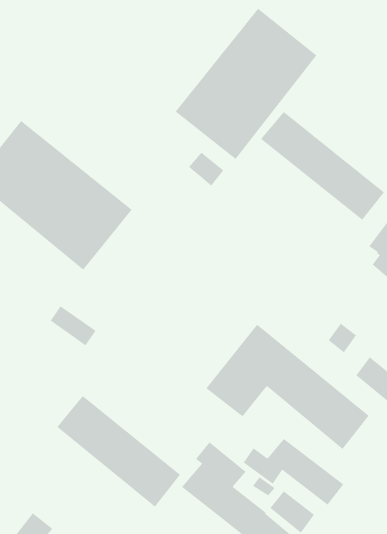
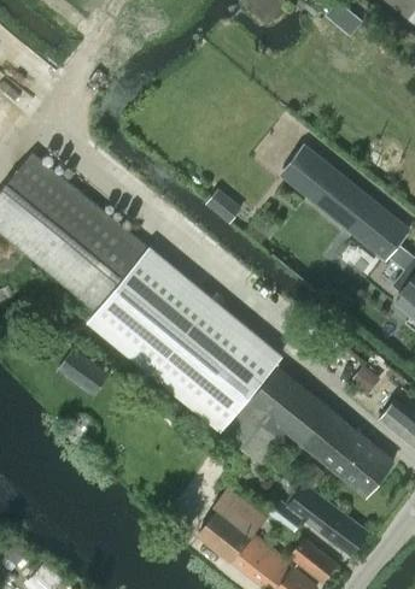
building: [175,8,317,160] -> none
building: none -> [88,247,282,431]
building: [57,395,181,508] -> none

